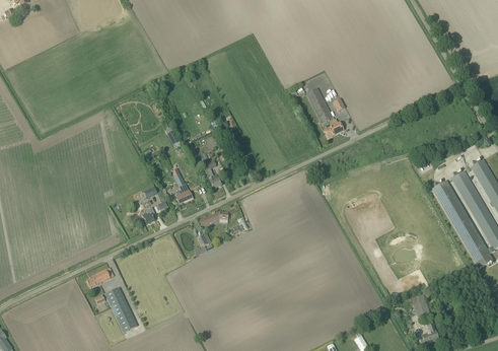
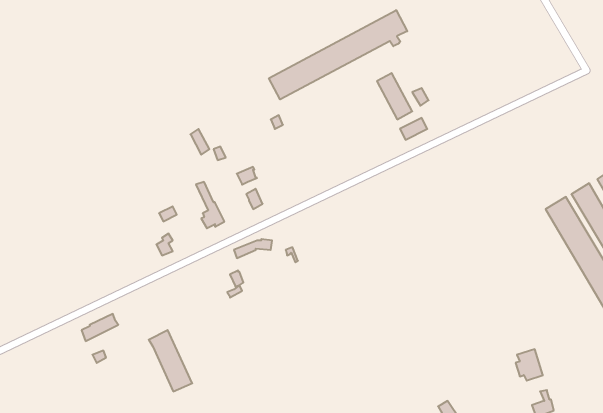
building: none -> [269,10,407,99]
building: [104,286,137,332] -> [149,330,192,391]

